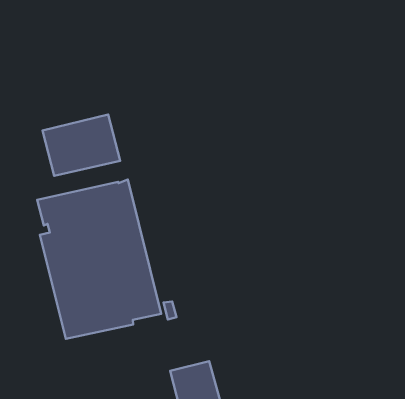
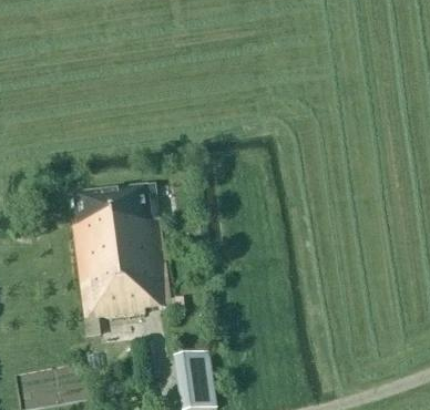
building: [42,115,120,176] -> none

